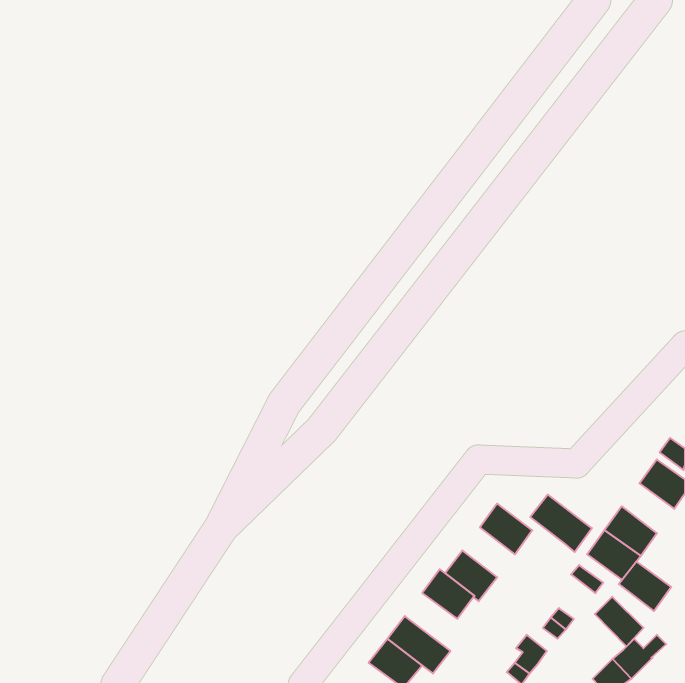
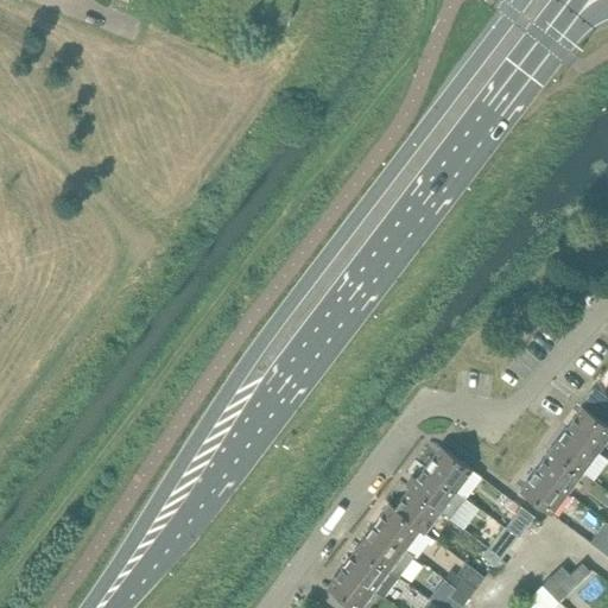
building: [530,495,592,552] -> [410,469,464,520]
building: [619,561,671,611] -> [551,430,597,474]
building: none -> [359,527,416,578]
building: [595,597,644,646] -> none

